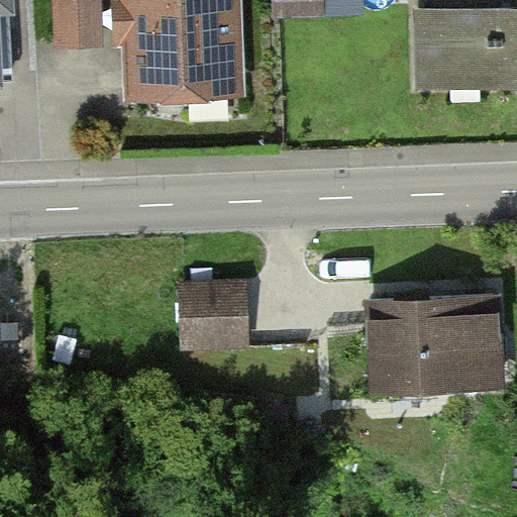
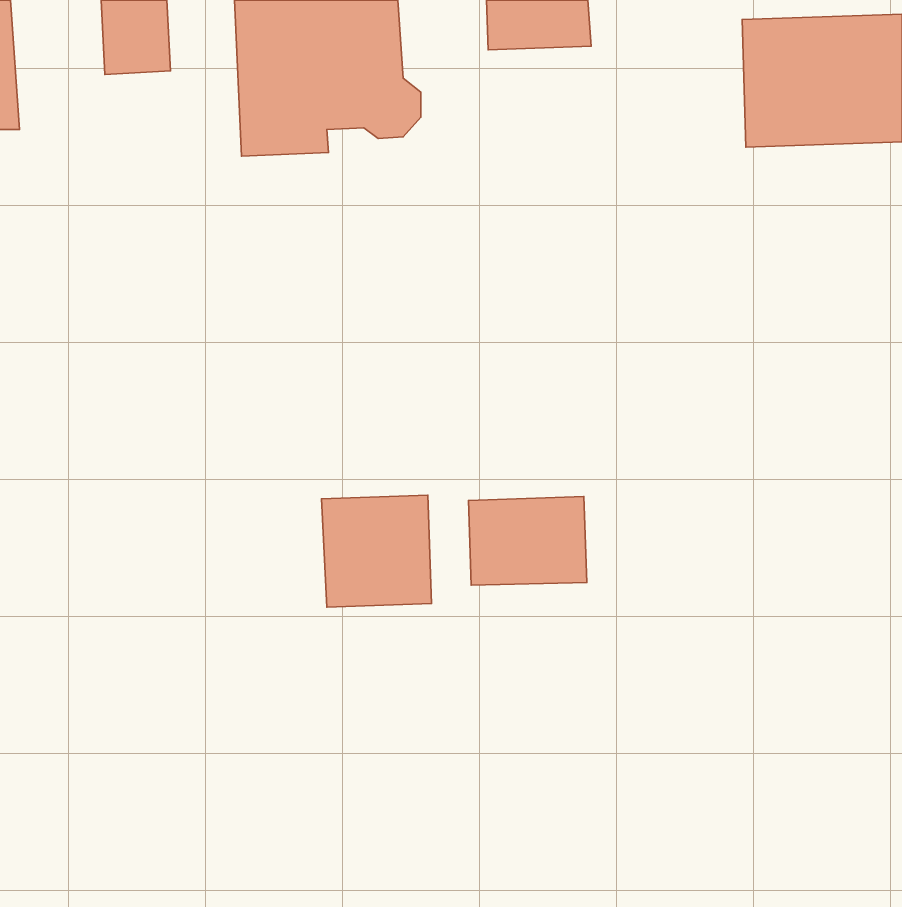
building: none -> [468,497,587,585]
building: [370,294,498,390] -> none

